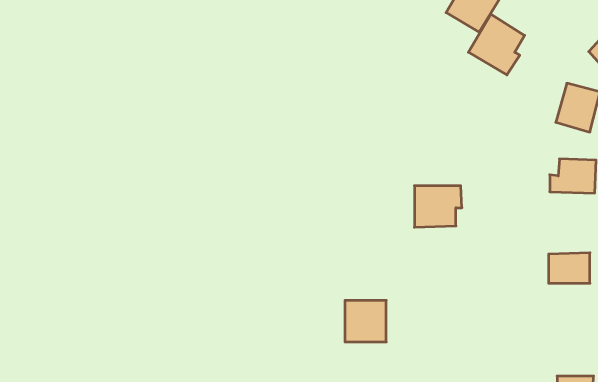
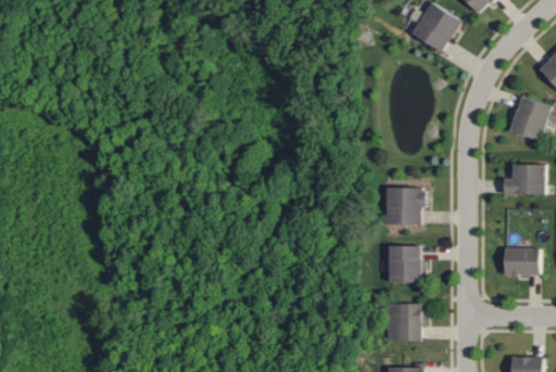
building: [468,14,525,75] -> none
building: none -> [388,245,421,283]
building: [345,300,386,342] -> [384,304,421,341]

